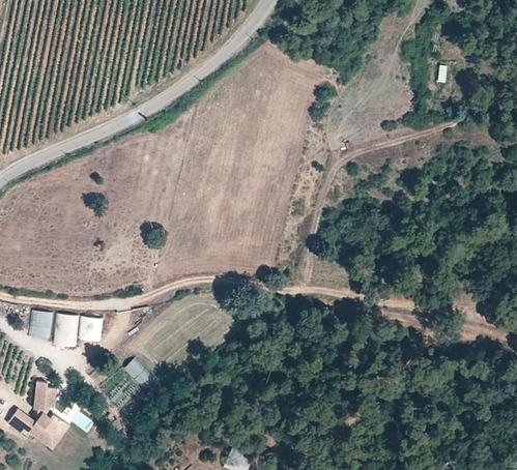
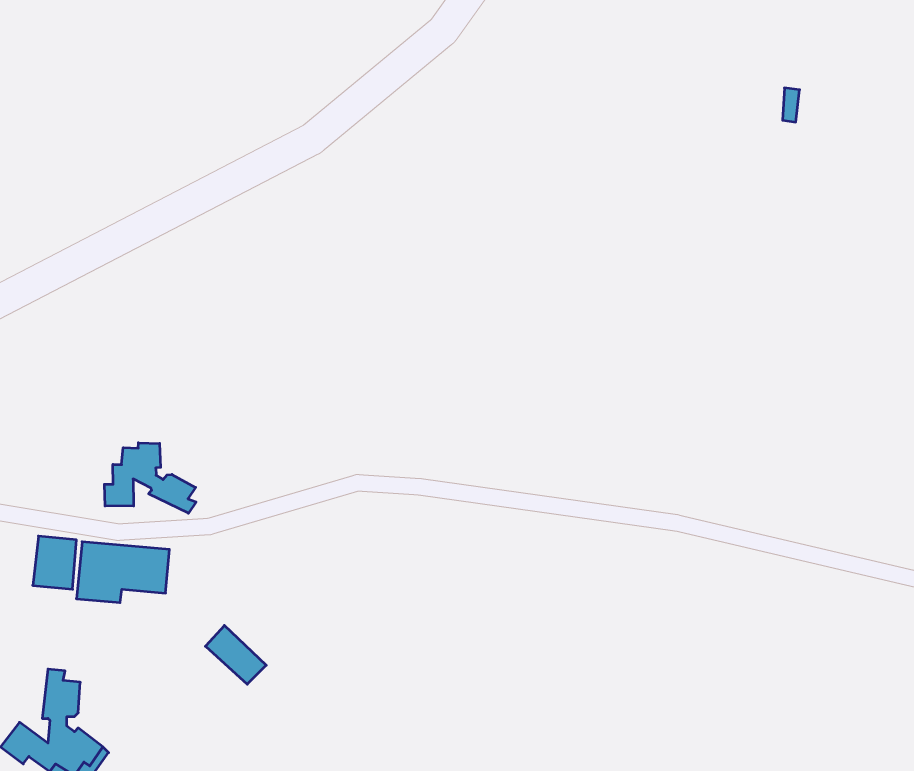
building: none -> [104,443,196,513]

